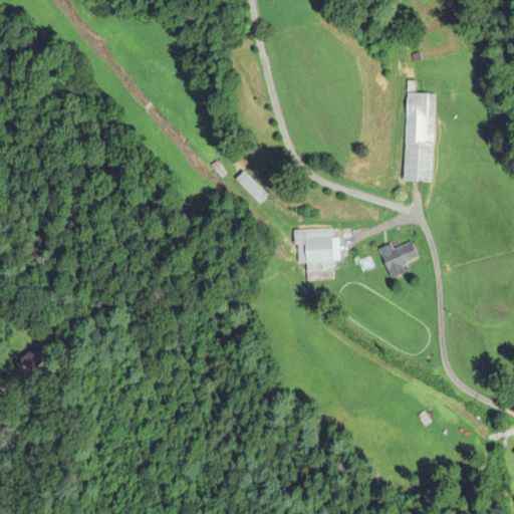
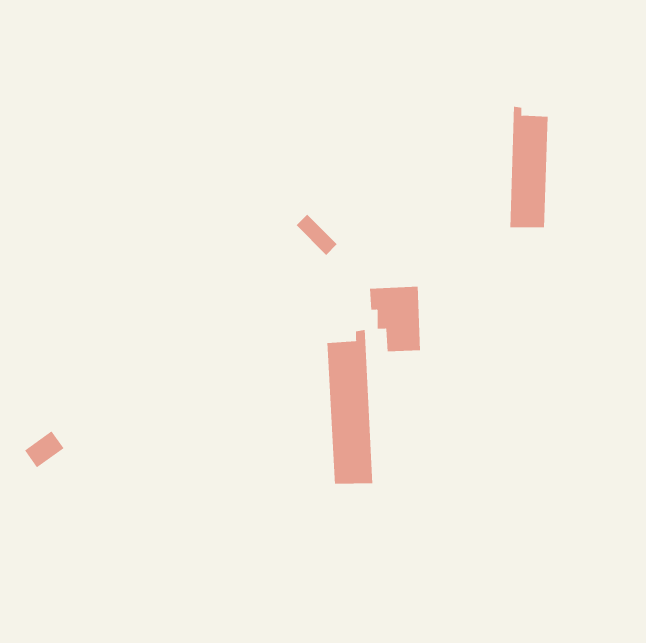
building: [378,240,419,277] -> none
building: none -> [327,329,373,484]

